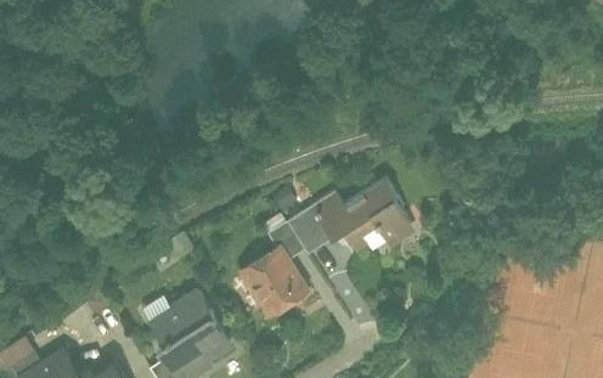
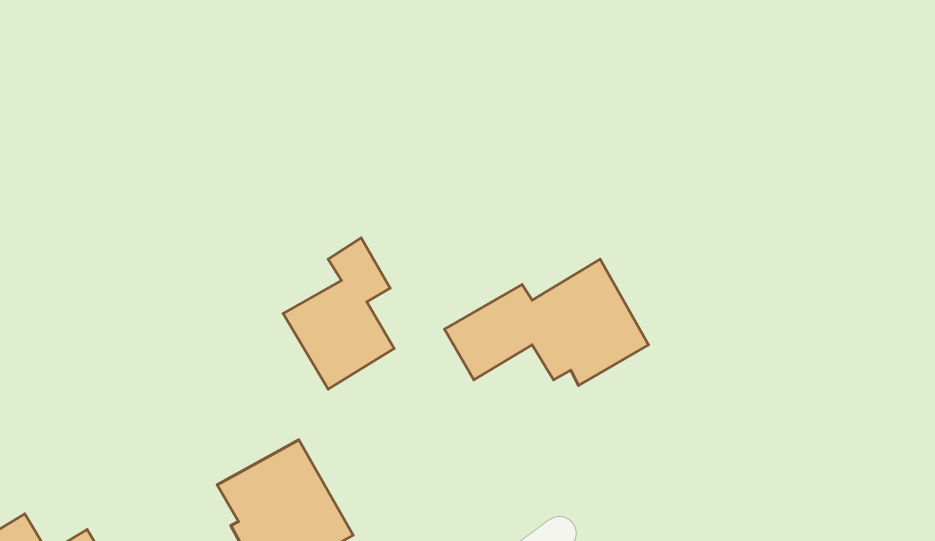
building: [239,221,309,316] -> [283,238,394,389]

